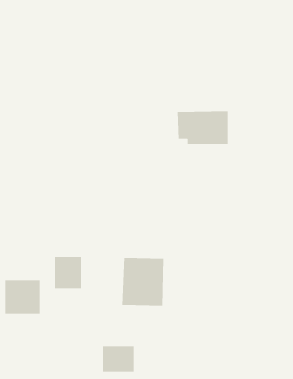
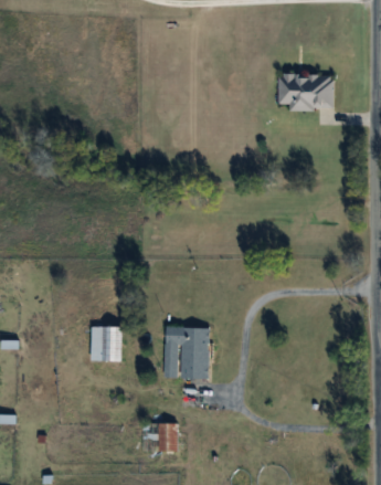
building: [177,111,229,144] -> [277,72,334,108]
building: [5,279,40,315] -> none

